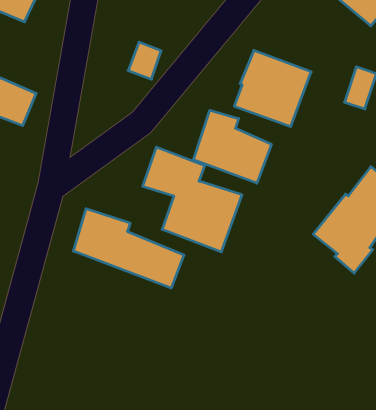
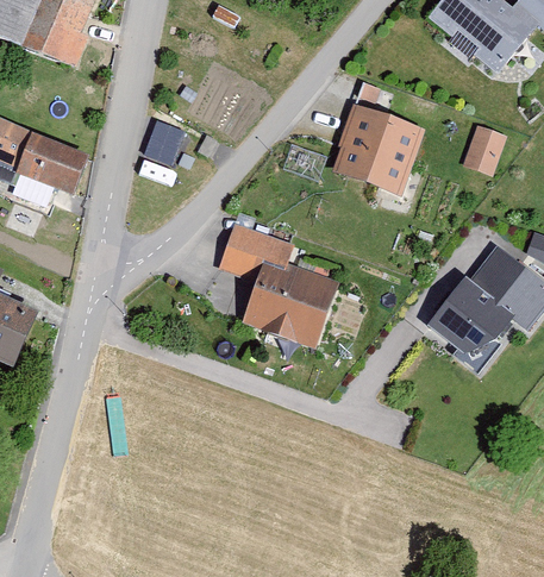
building: [128,42,161,79] -> [143,118,183,163]
building: [194,110,271,183] -> none
building: [73,209,184,288] -> none

